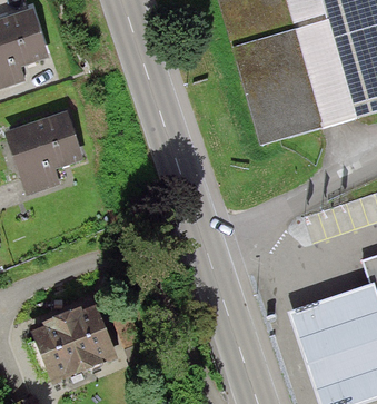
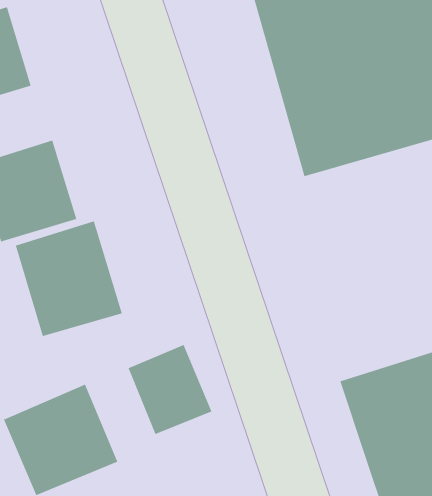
building: none -> [15,220,123,337]
building: none -> [128,344,212,435]

